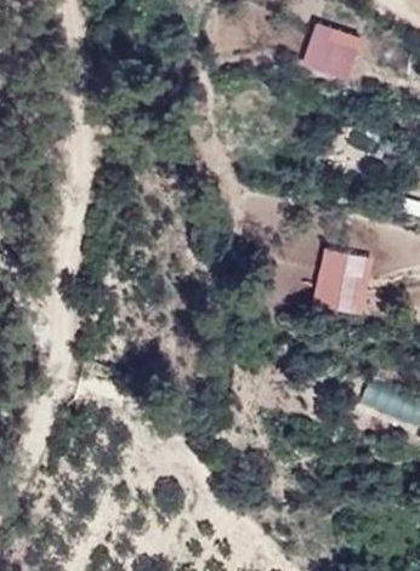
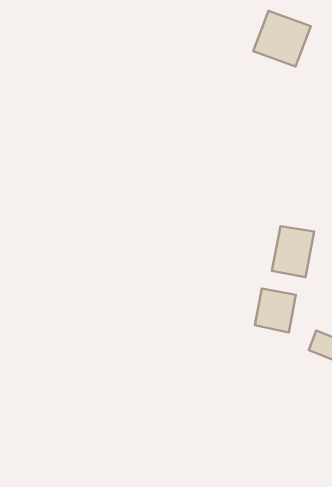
building: none -> [255,288,296,332]

